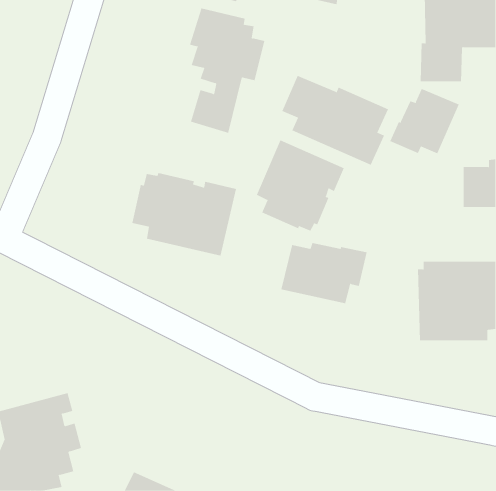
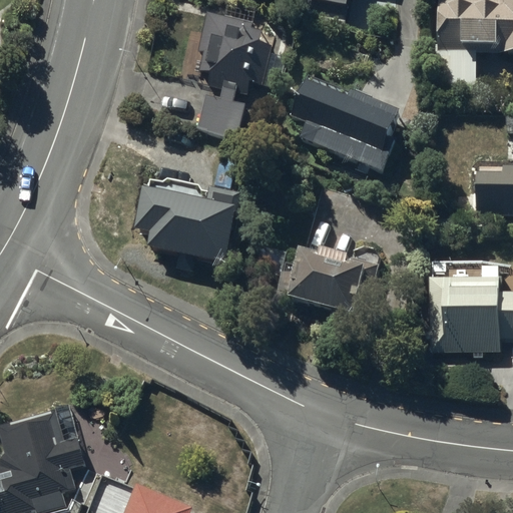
building: [390,88,459,154] -> none
building: [256,140,344,232] -> none

